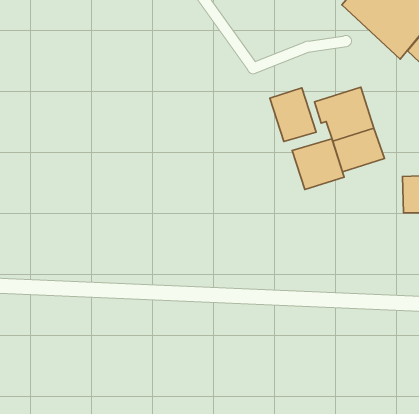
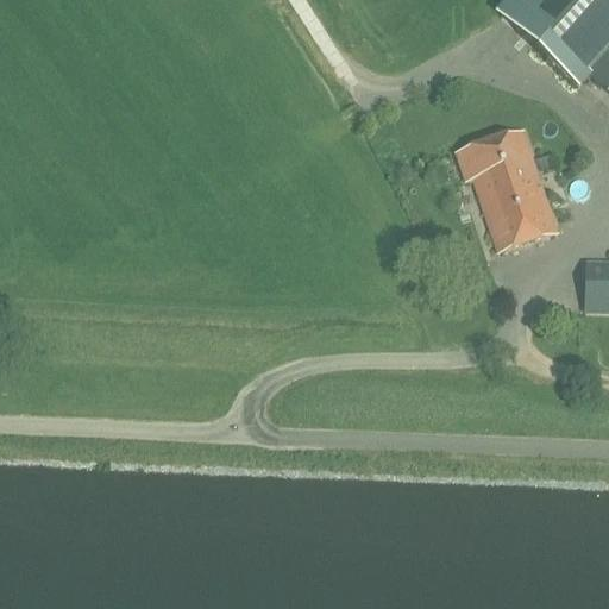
building: [270,88,316,141] -> none
building: [292,139,344,190] -> none

